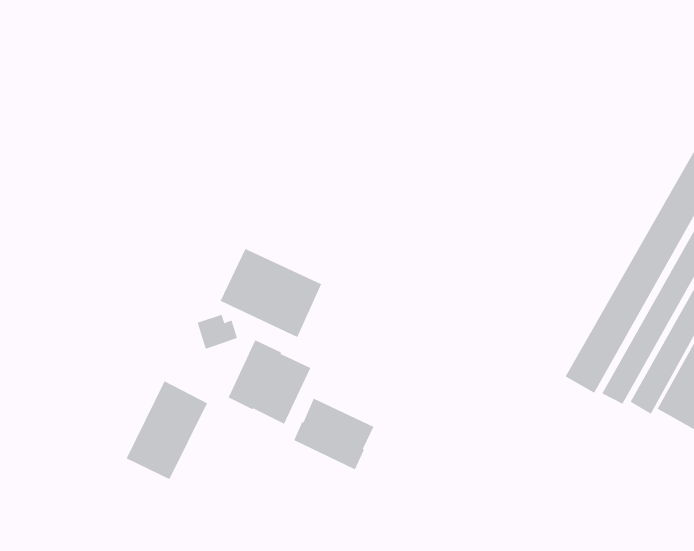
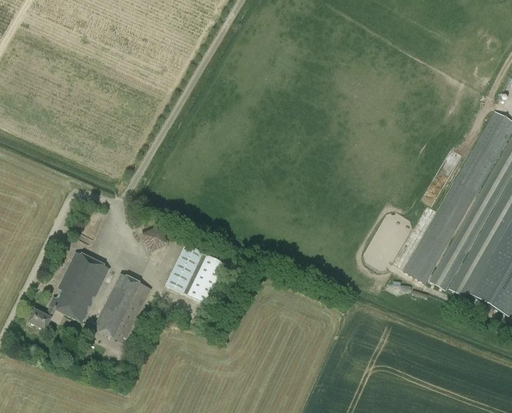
building: [220,248,322,338] -> none
building: none -> [28,250,110,330]
building: [293,398,374,470] -> none

